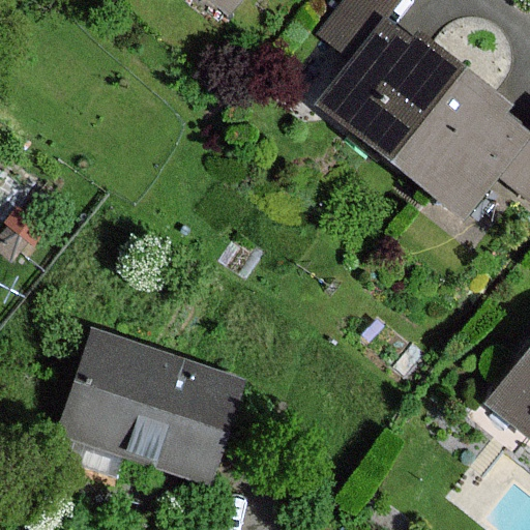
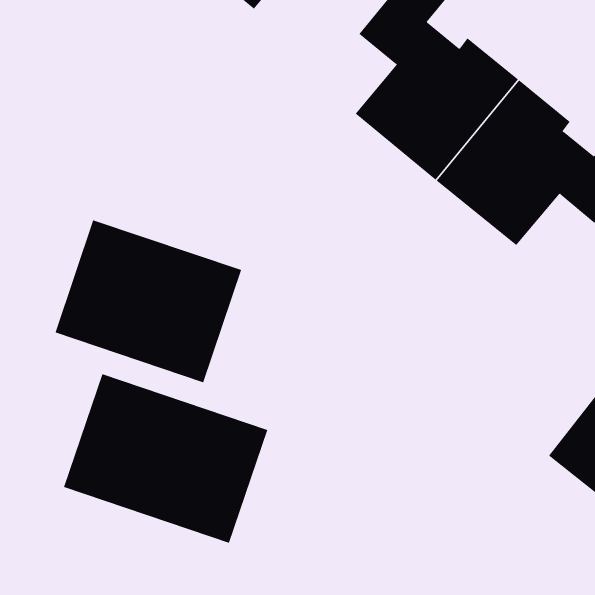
building: none -> [55,219,242,383]

